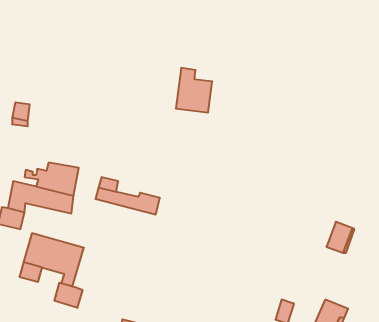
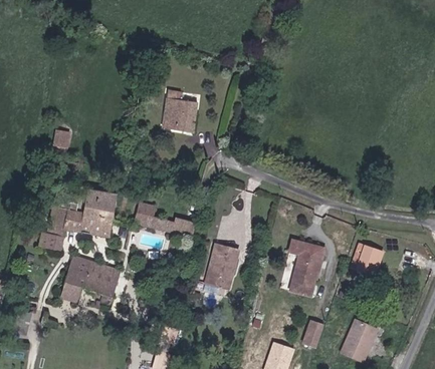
building: [176,68,212,113] -> [163,89,198,132]
building: none -> [289,240,324,295]
building: none -> [205,243,239,289]
building: [54,283,82,308] -> none

